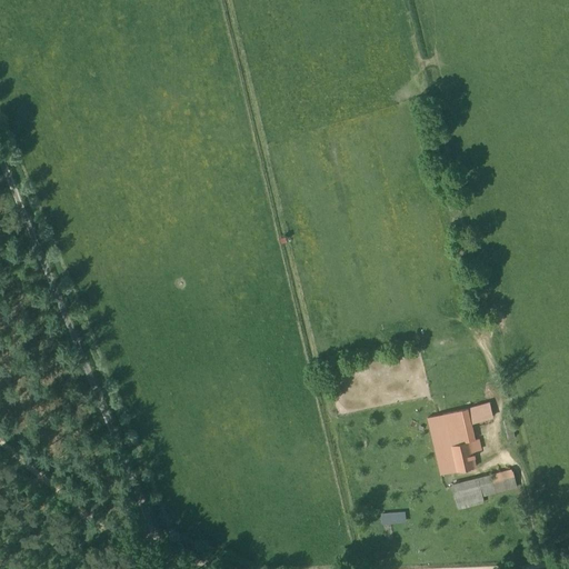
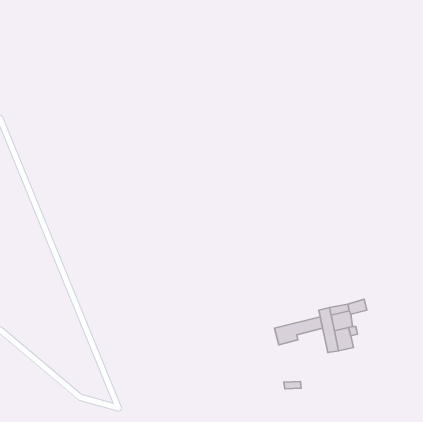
building: [451,471,516,509] -> [275,317,323,345]

